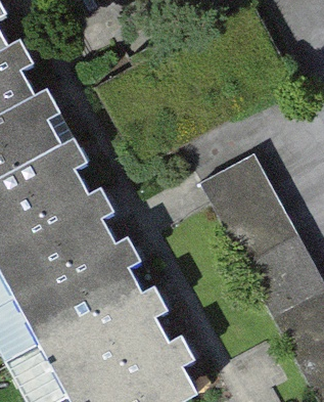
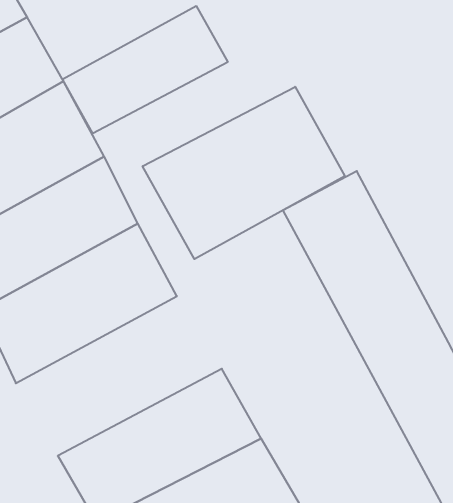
building: none -> [63,6,228,133]
building: none -> [143,87,345,259]
building: [12,247,157,359] -> none

